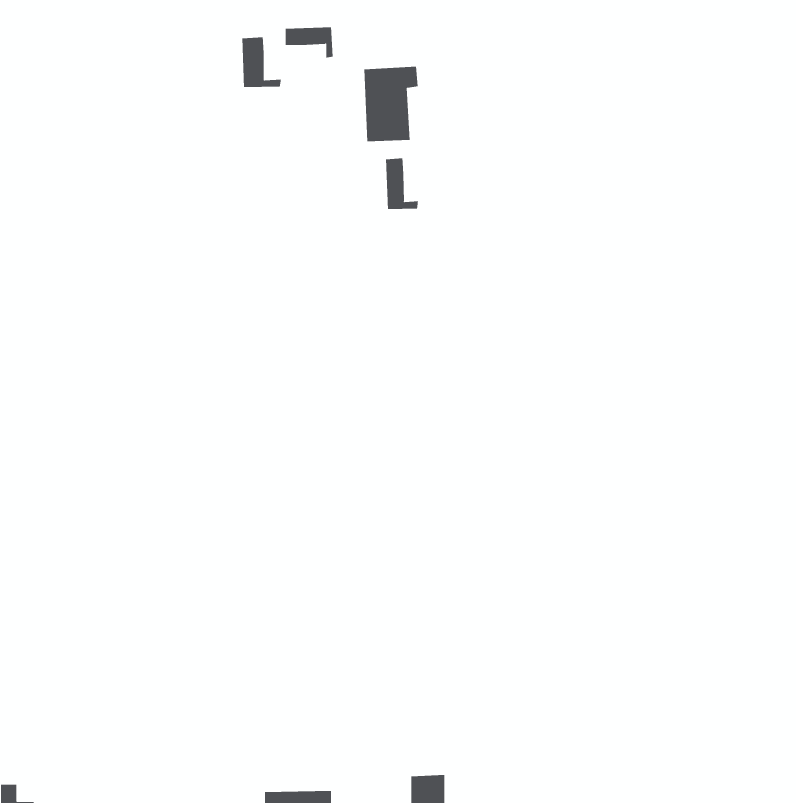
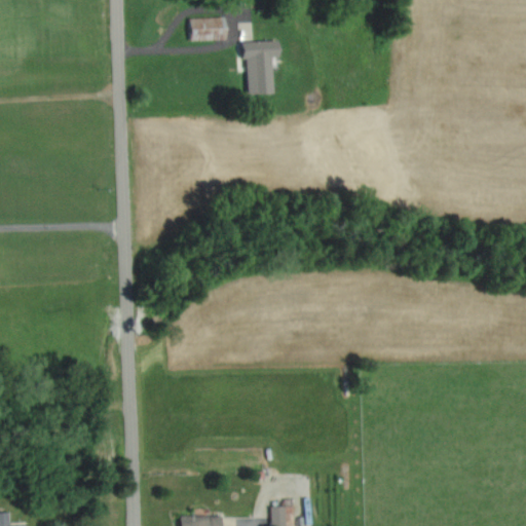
building: [242,37,282,88] -> none
building: [385,157,419,210] -> none

